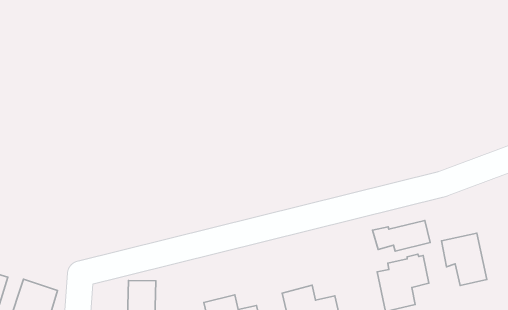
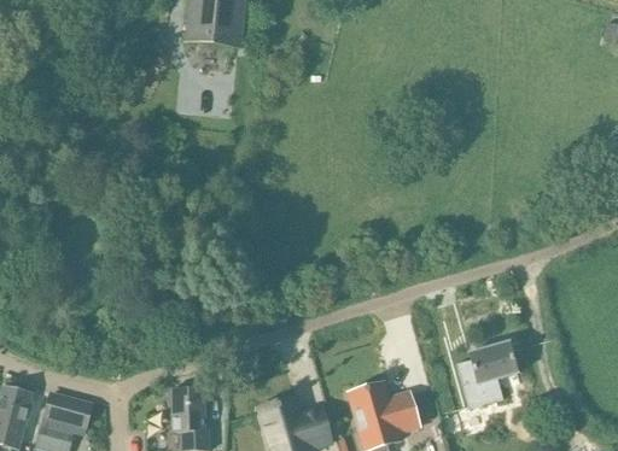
building: [372,220,430,251] -> none
building: [442,233,487,286] -> none

